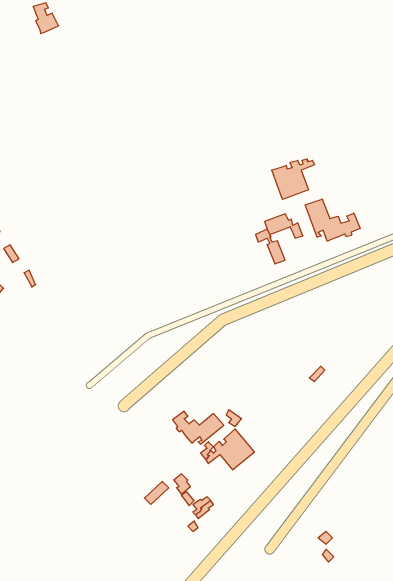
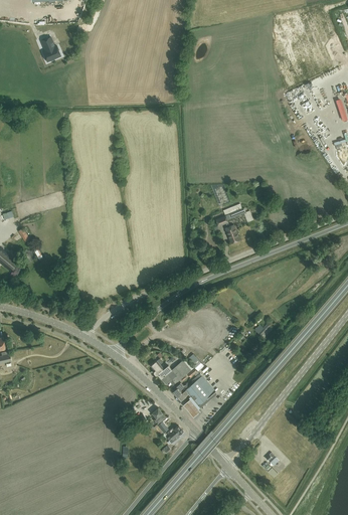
building: [272,159,314,199] -> none
building: [305,199,360,241] -> none

